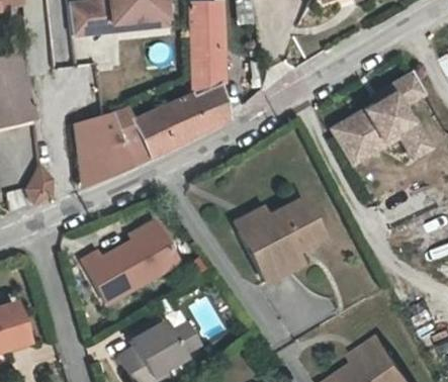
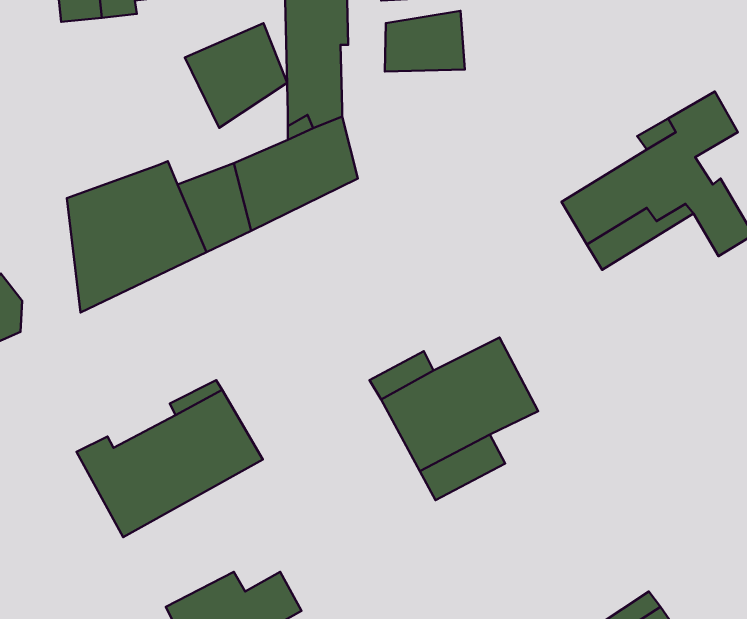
building: none -> [385,11,465,71]
building: none -> [185,23,287,128]

